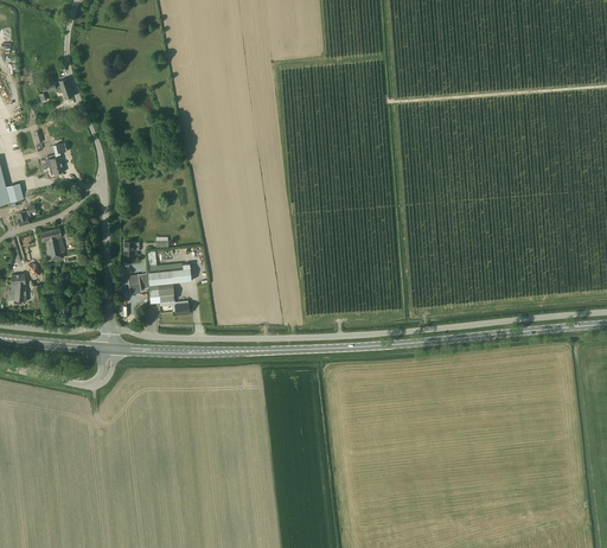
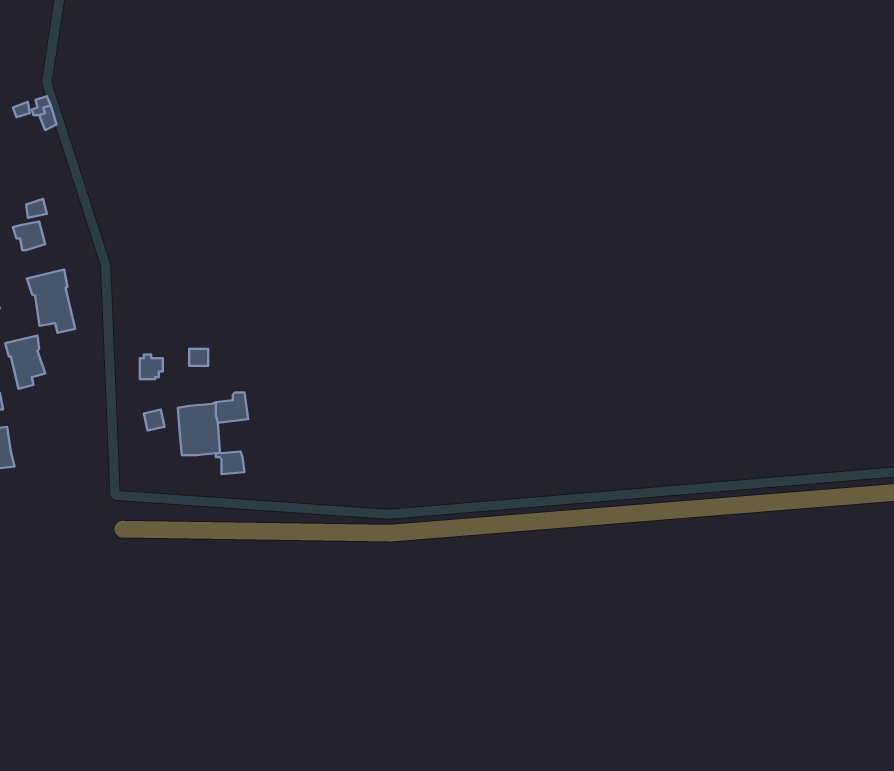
building: none -> [27,270,75,333]

